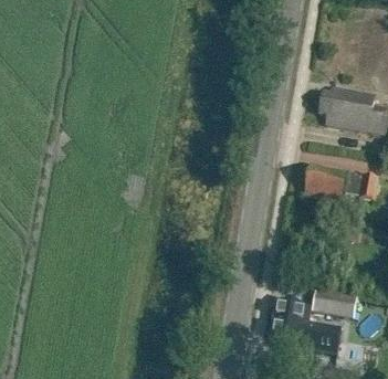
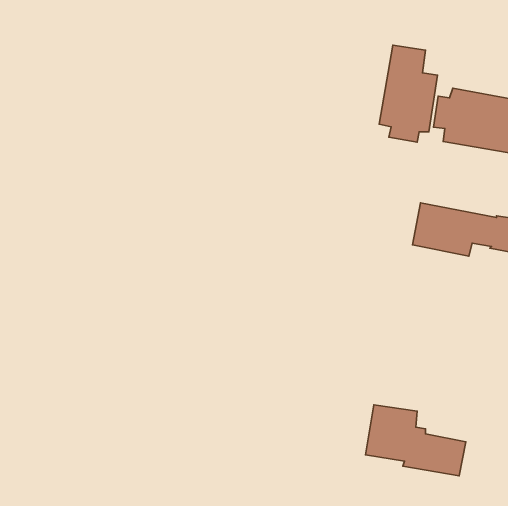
building: none -> [379,45,438,142]
building: [311,289,356,317] -> none

